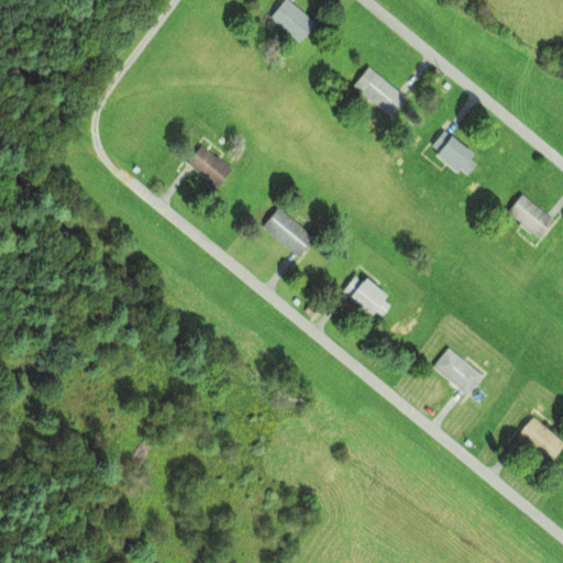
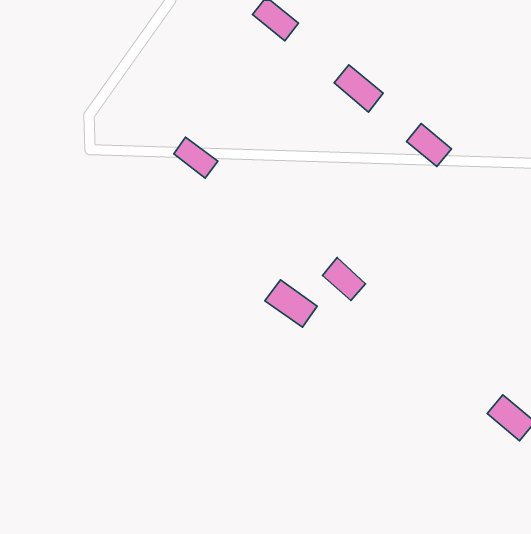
building: [507,195,556,240] -> none
building: [261,207,316,256] -> [265,280,317,327]
building: [430,345,482,396] -> none

